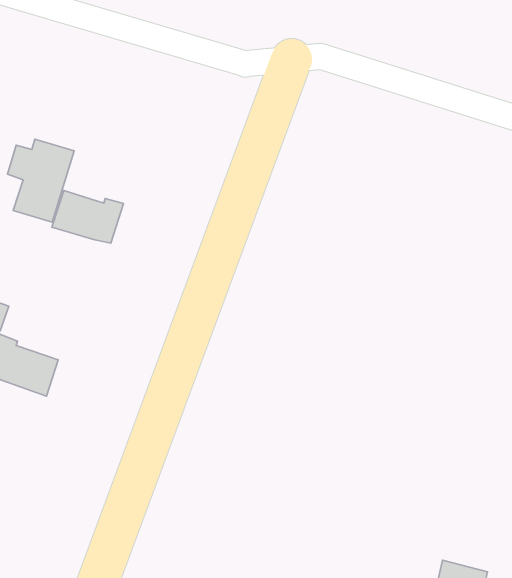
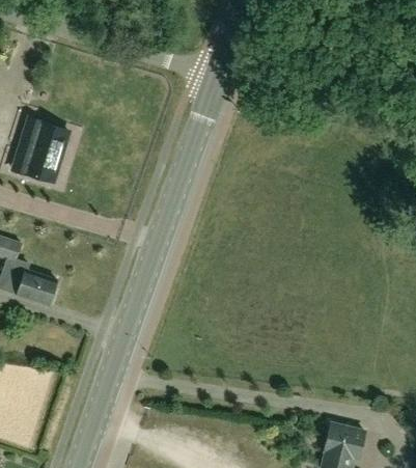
building: [52,191,124,243] -> none

